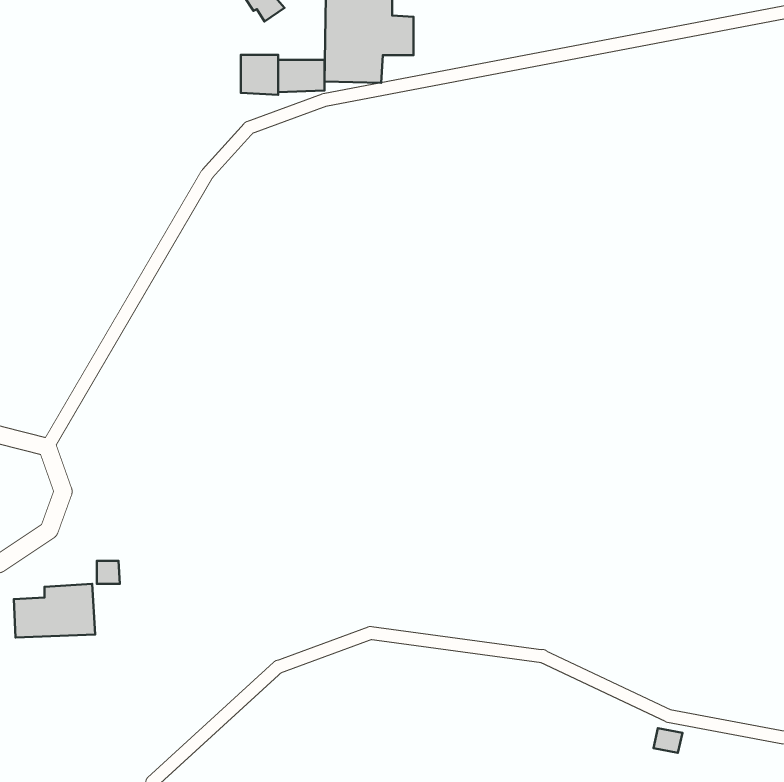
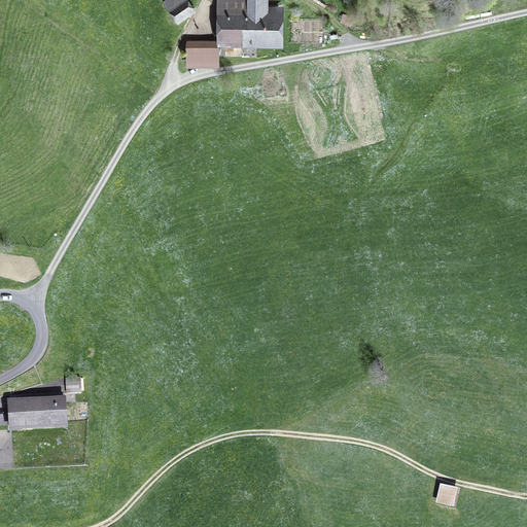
building: [241,55,278,95] -> none

